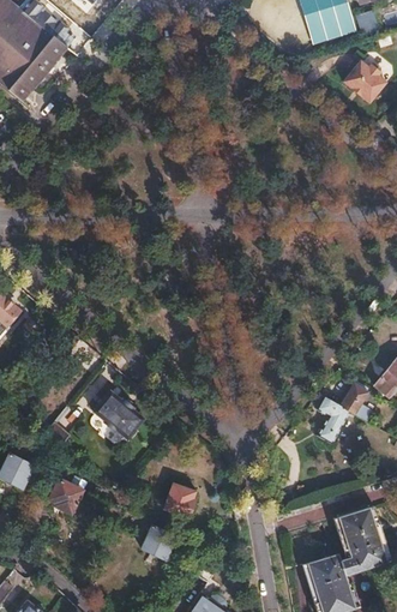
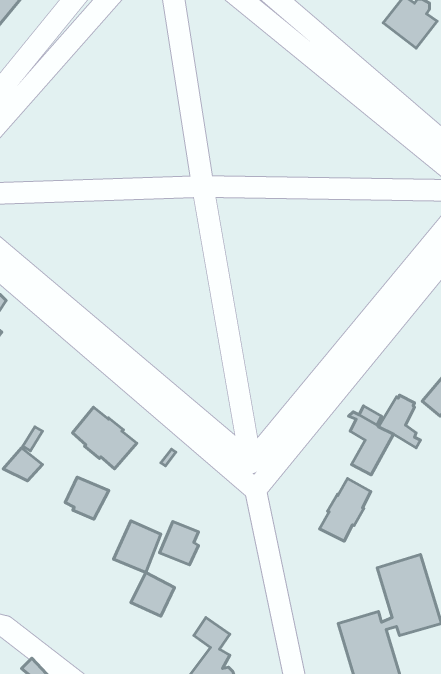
building: none -> [320,478,371,541]
building: [47,476,82,510] -> [65,477,109,519]
building: none -> [113,521,161,572]

